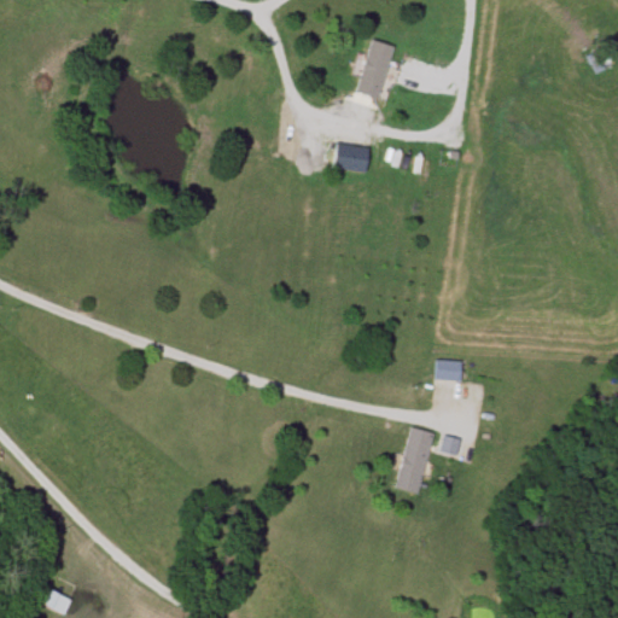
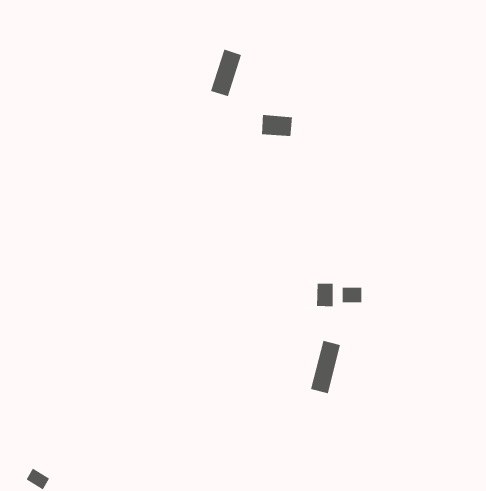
building: [356,40,396,100] -> [210,49,242,97]
building: none -> [316,283,333,307]

